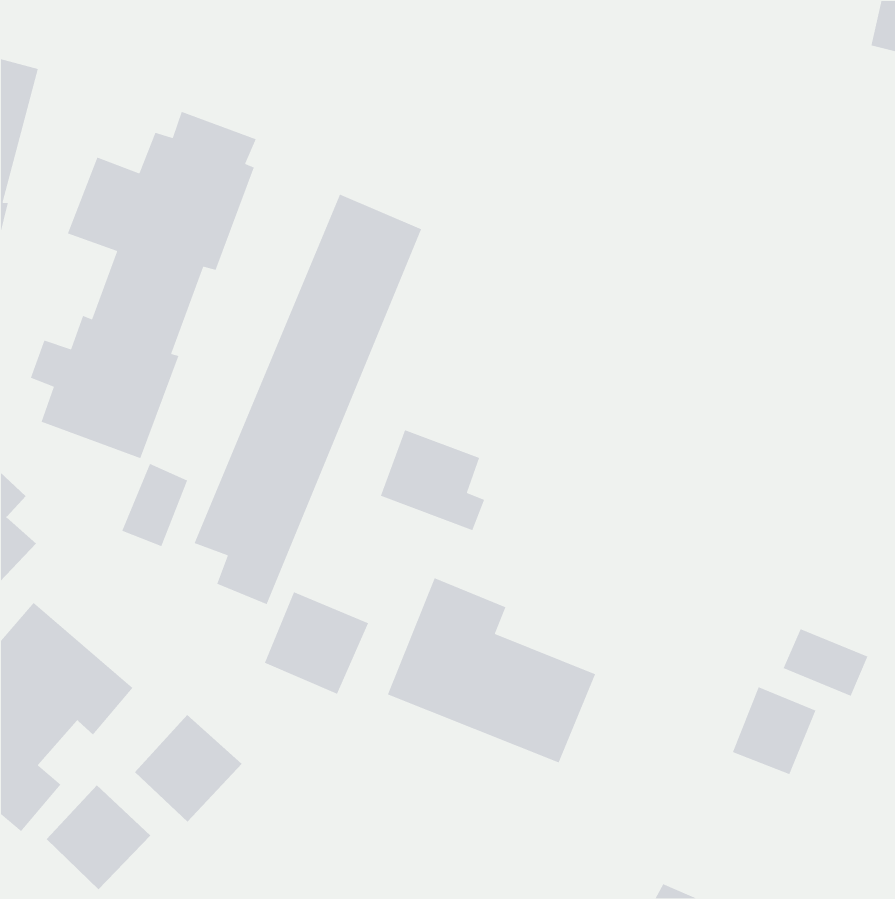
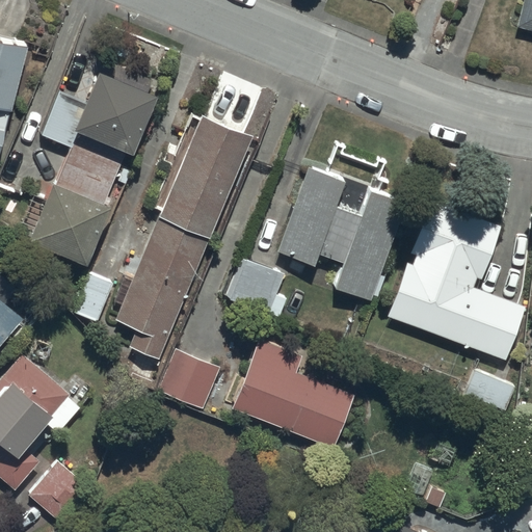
building: none -> [277,164,405,298]
building: none -> [388,202,524,361]
building: [732,686,816,775] -> none
building: [134,714,242,823] -> none

